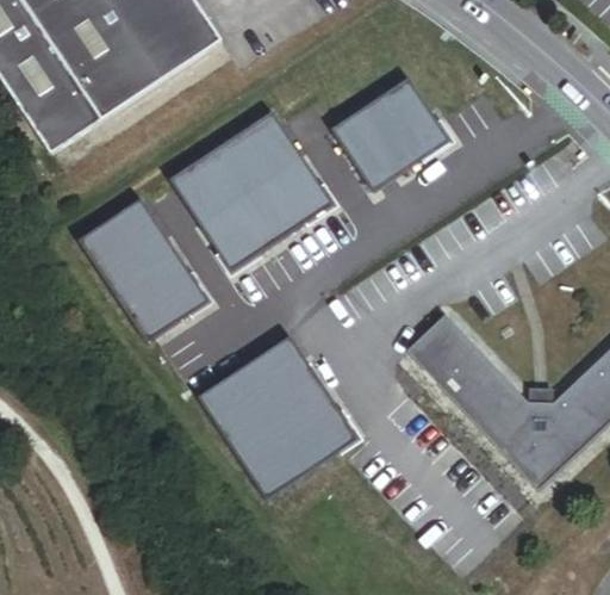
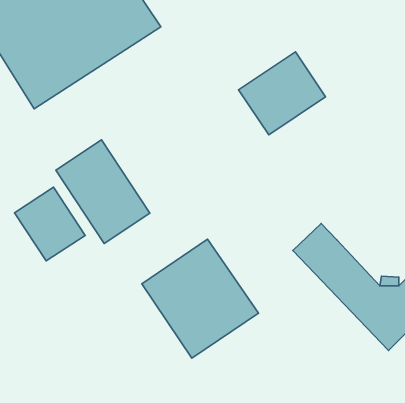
building: [169,111,332,272] -> none
building: none -> [15,187,85,261]

